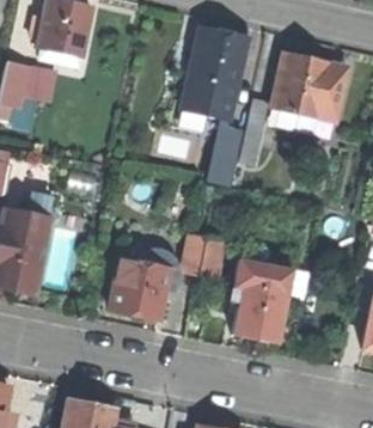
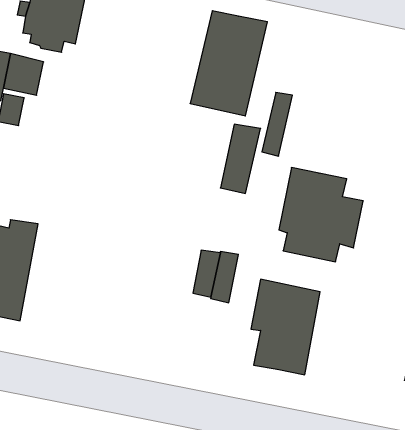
building: [273,51,346,133] -> [279,168,363,262]
building: [111,250,178,318] -> none

